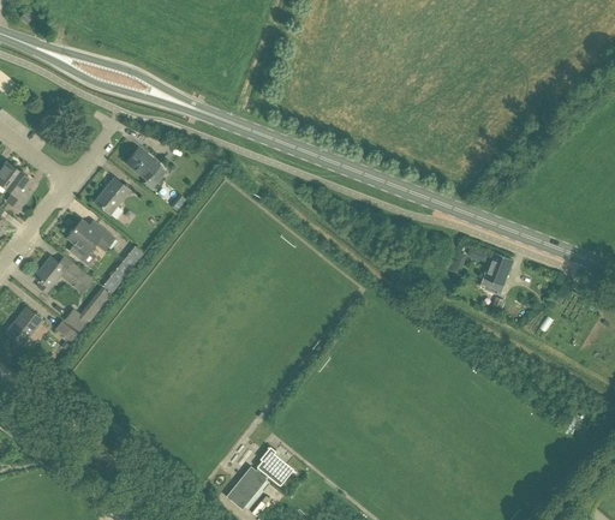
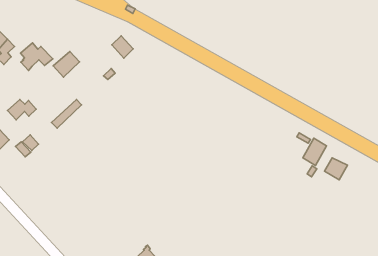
building: [126,147,159,179] -> [112,36,133,58]
building: [66,219,115,261] -> [20,43,53,71]
building: none -> [325,158,347,180]

